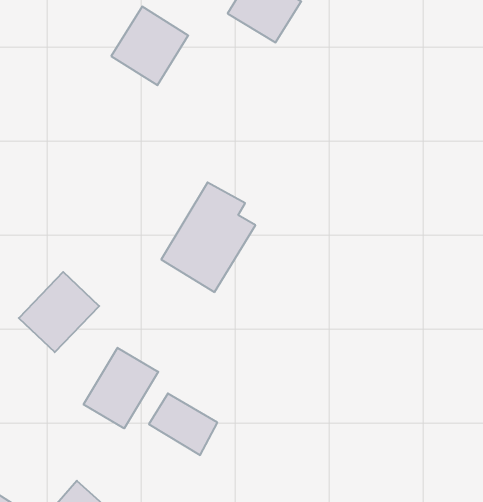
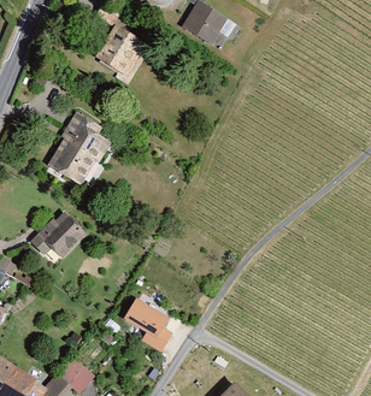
building: [161,182,255,292] -> [42,112,108,189]
building: [84,348,158,428] -> none

